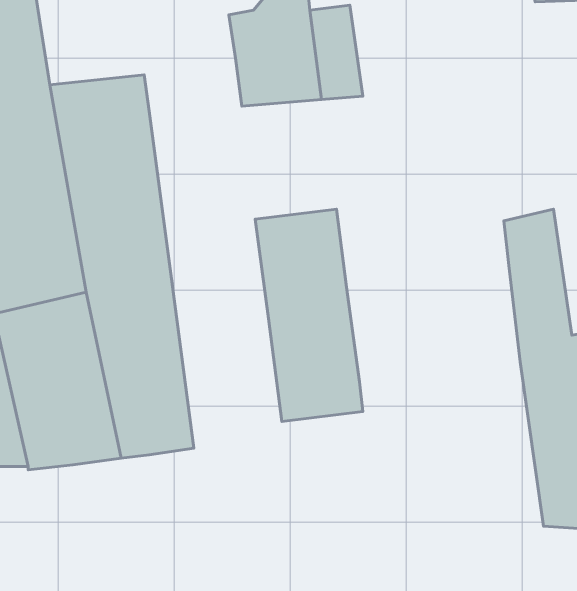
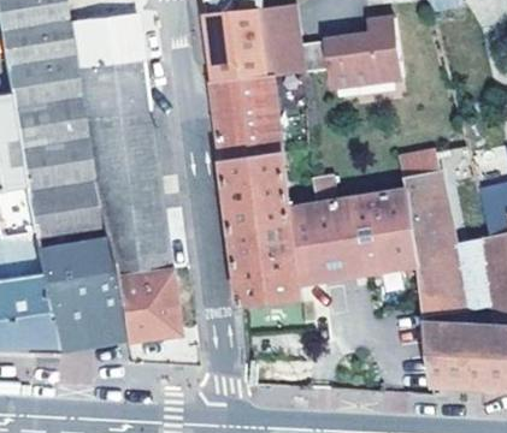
building: none -> [66,10,142,65]
building: none -> [320,23,399,94]
building: none -> [213,76,282,162]
building: none -> [289,176,415,280]

